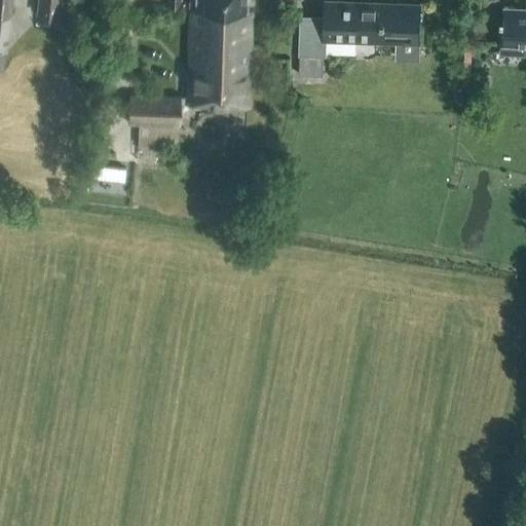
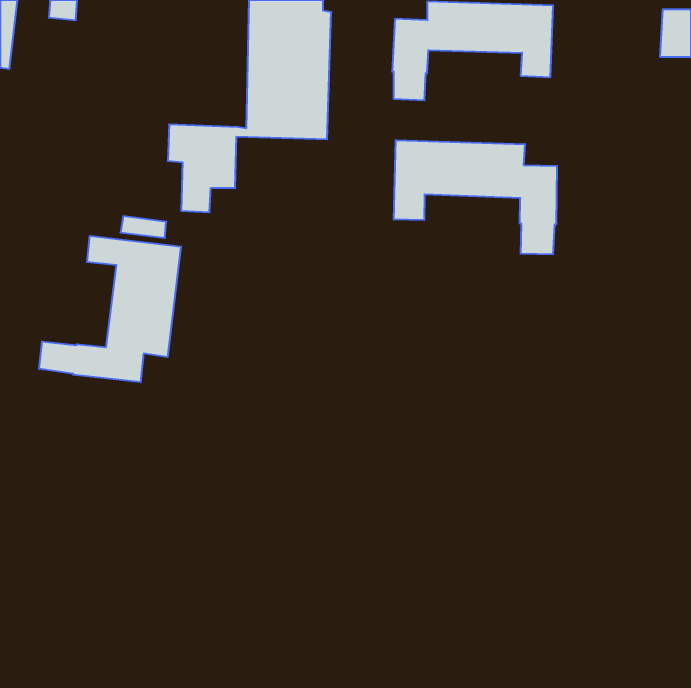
building: none -> [394,140,557,254]
building: none -> [39,236,181,382]

